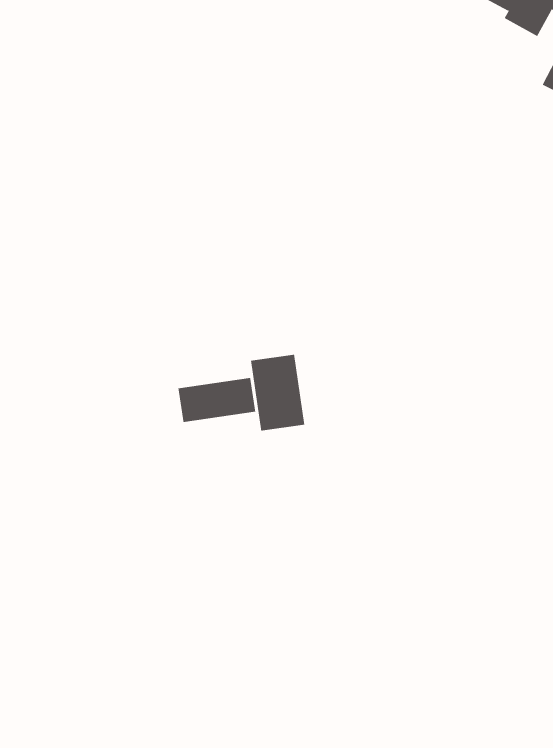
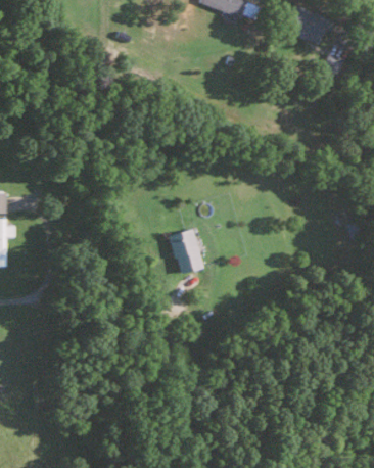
building: [178,377,256,423] -> none

